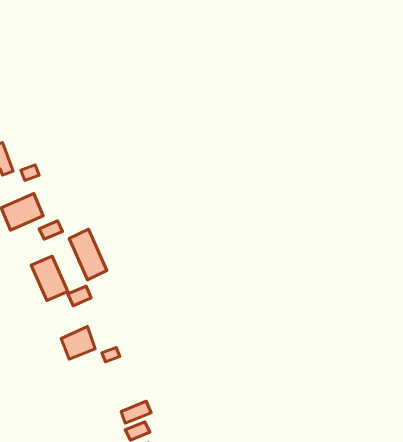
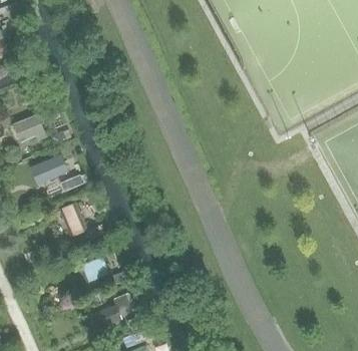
building: [69,229,107,280] -> none
building: none -> [93,294,130,328]

